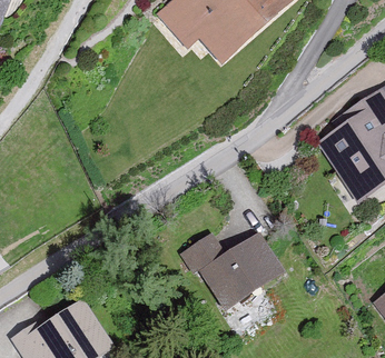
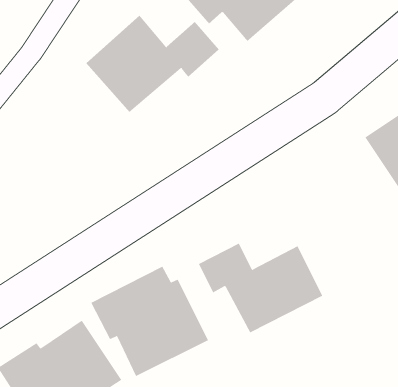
building: none -> [85,15,219,113]
building: none -> [90,266,209,377]

